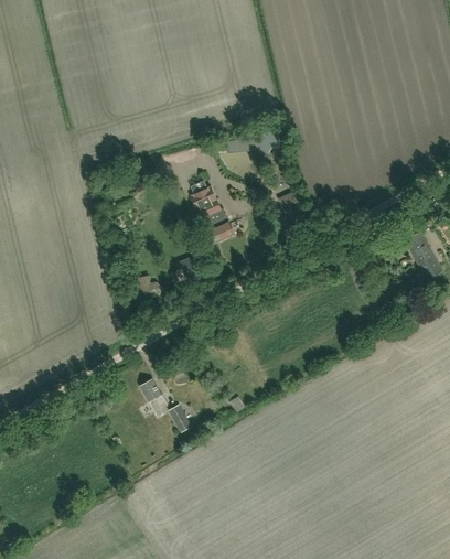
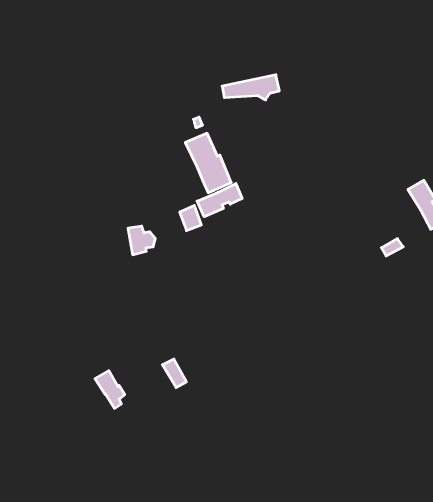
building: none -> [197,183,242,217]
building: [139,379,168,416] -> [95,371,125,408]

